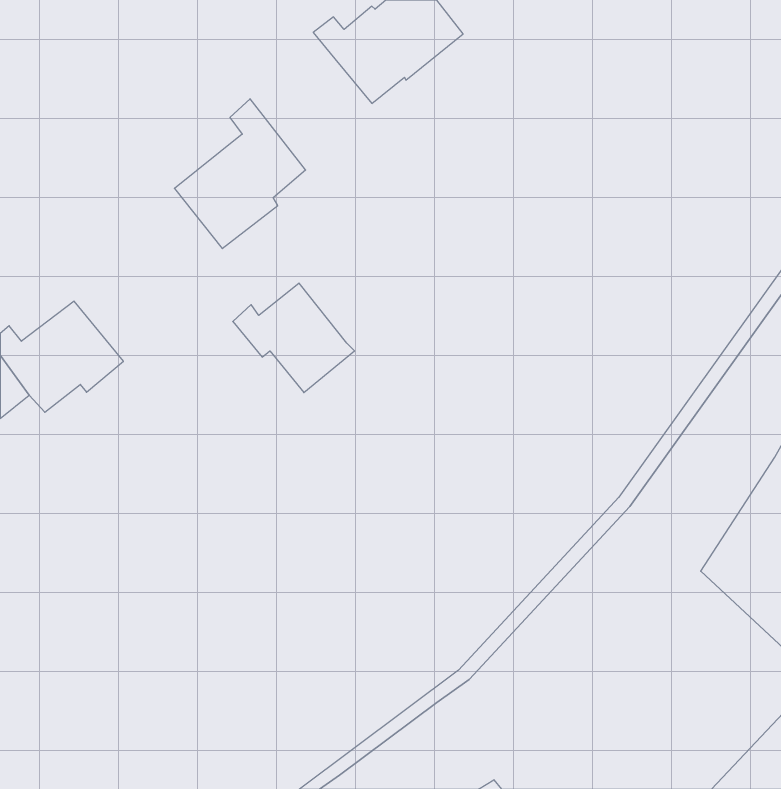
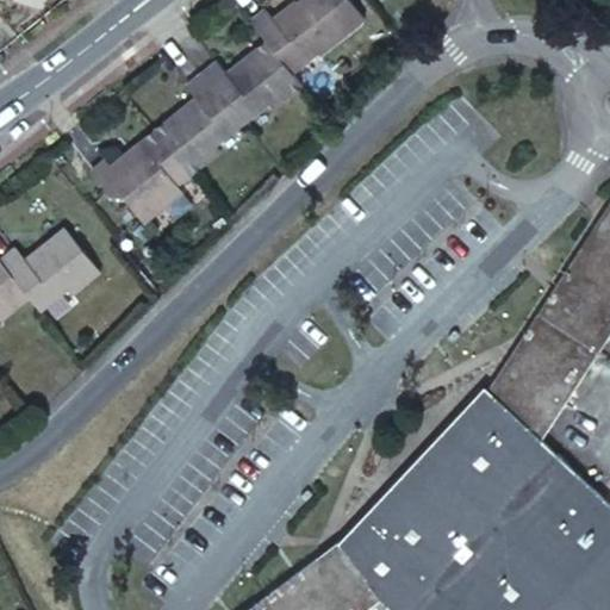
building: none -> [199,45,301,131]
building: [233,283,355,393] -> [89,145,183,230]

